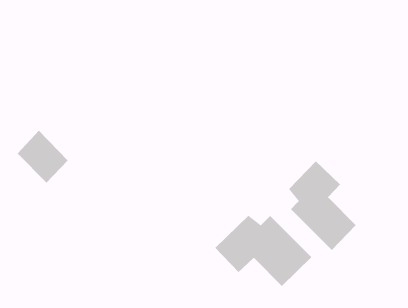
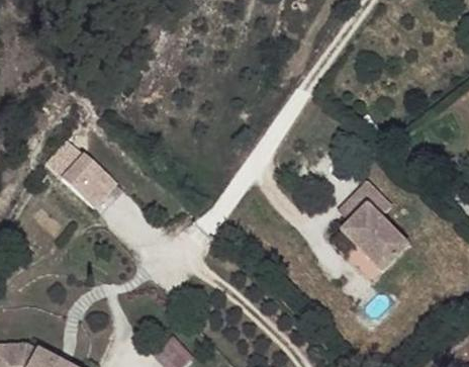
building: [215,215,312,287] -> none

